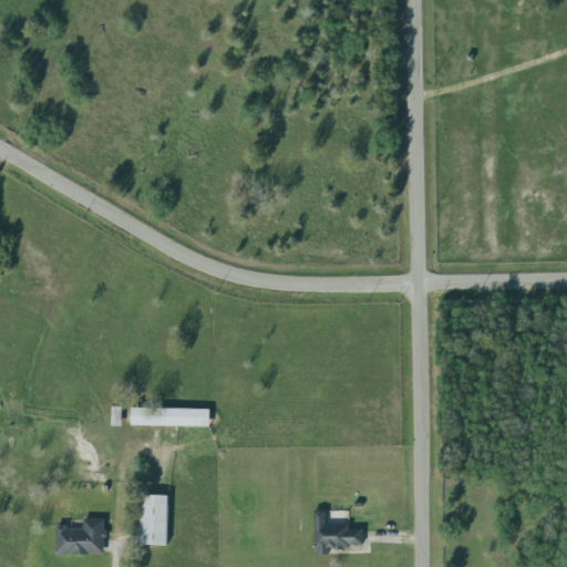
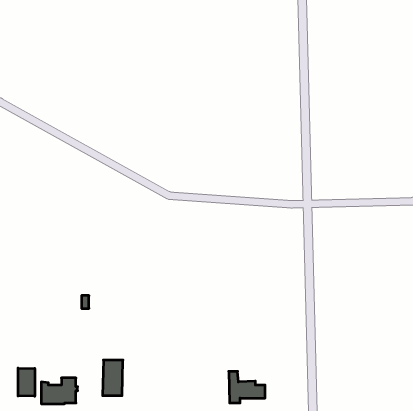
building: [132,406,210,425] -> none
building: none -> [18,368,35,396]

